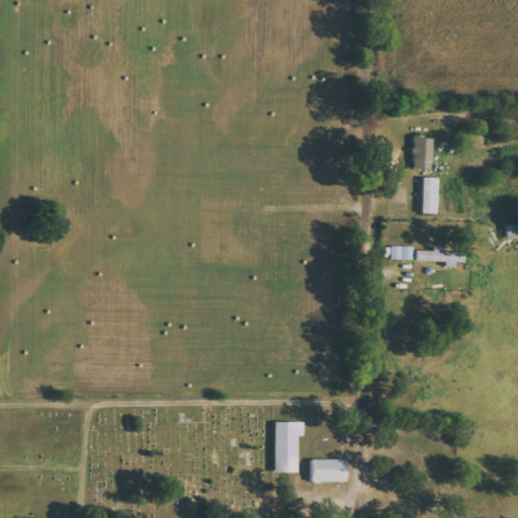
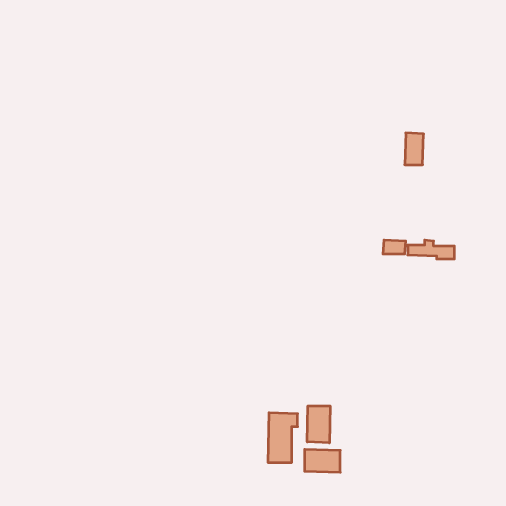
building: [422,176,437,212] -> none
building: none -> [307,406,330,443]

